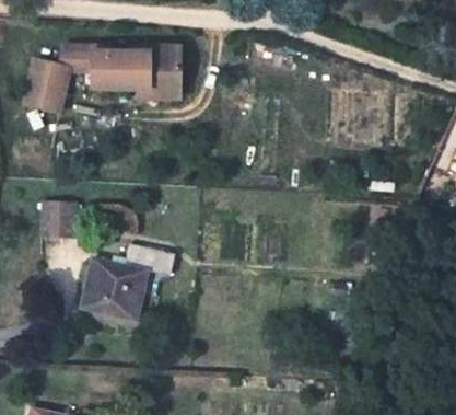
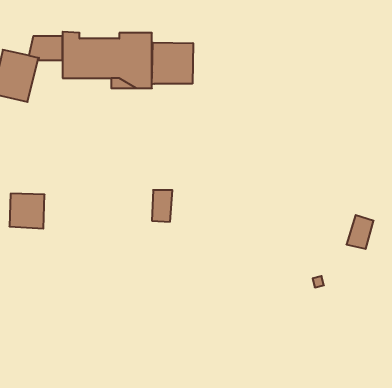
building: none -> [152,43,193,85]
building: [83,242,176,318] -> none

